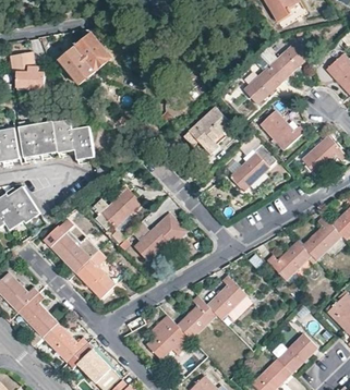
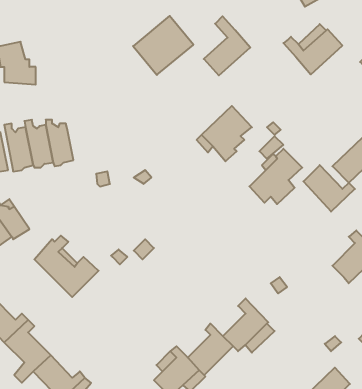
building: [59,34,111,85] -> [133,16,193,75]
building: [243,52,283,103] -> [204,16,250,75]
building: [261,109,305,149] -> [303,165,355,212]
building: [72,125,96,166] -> none
building: [93,183,141,230] -> none
building: [133,212,186,261] -> none
building: [266,240,312,280] -> none
building: [76,249,124,297] -> none

